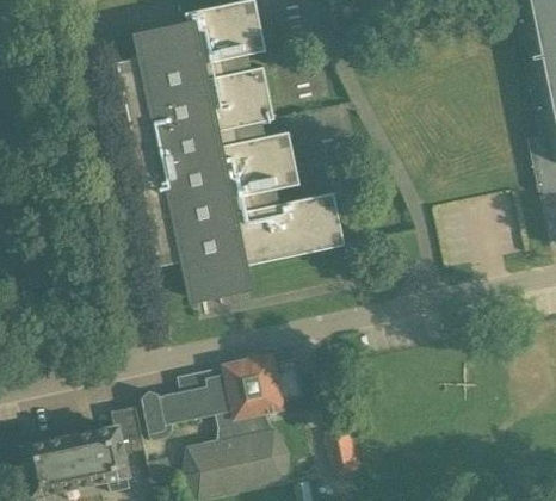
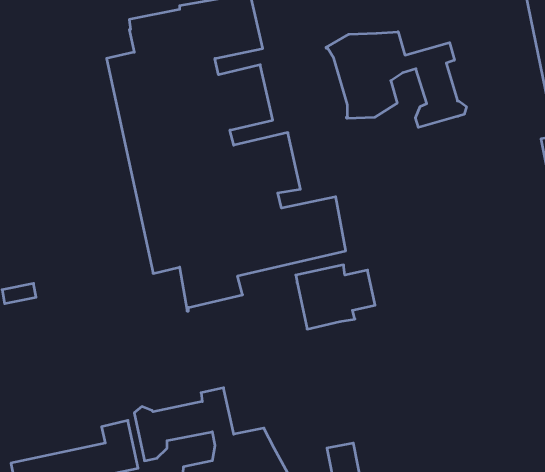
building: none -> [326,32,466,127]
building: [228,357,303,418] -> [296,265,375,329]

